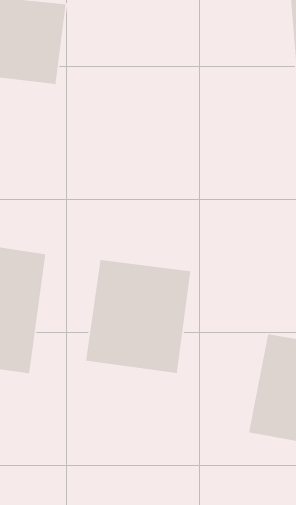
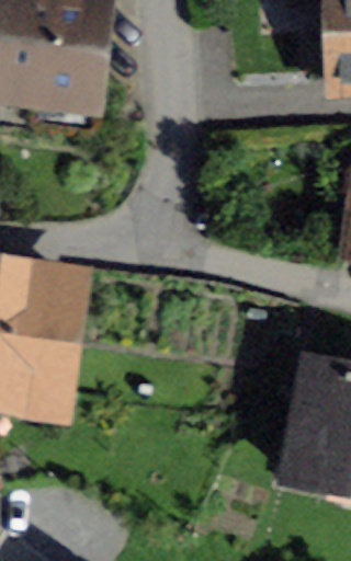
building: [85,259,191,374] -> none

